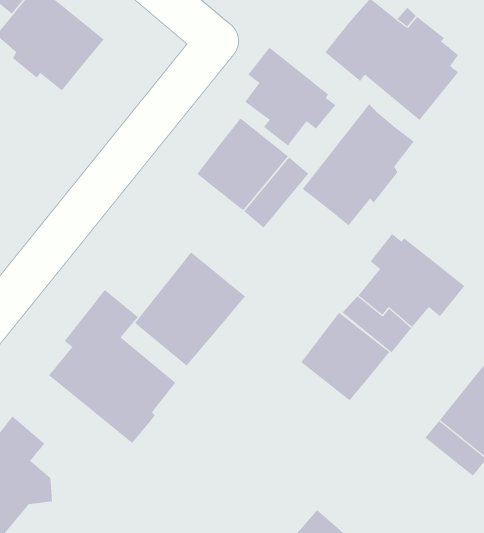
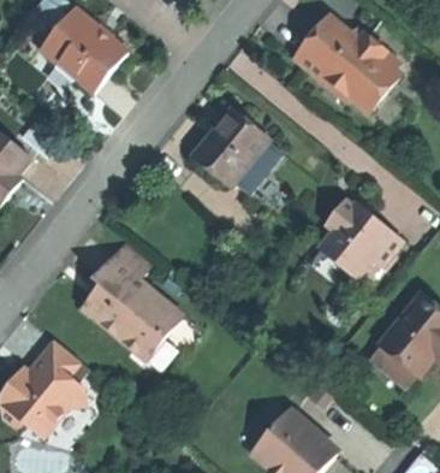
building: [244,47,336,146] -> none
building: [302,103,415,226] -> none
building: [134,252,246,366] -> none
building: [301,312,390,401] -> none

